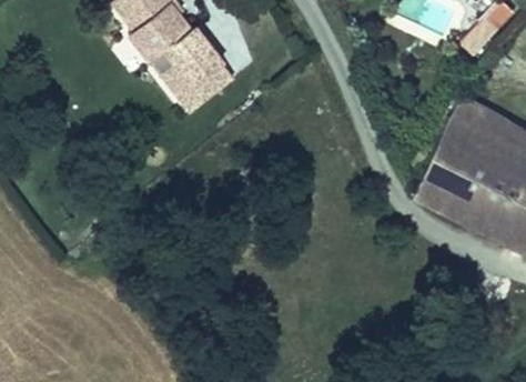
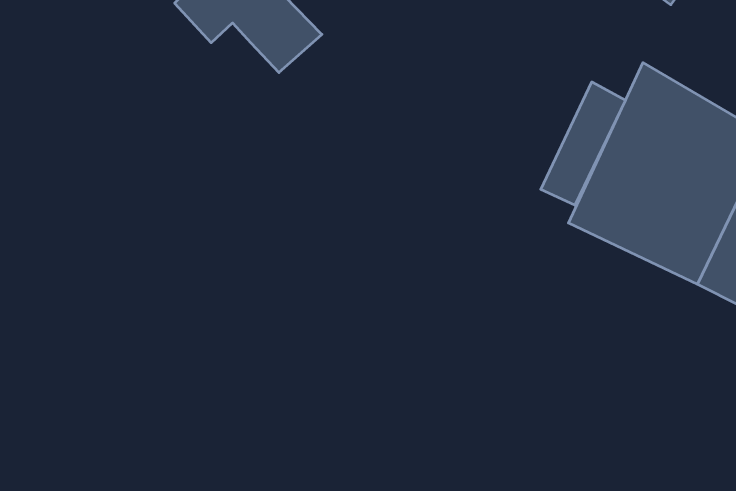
building: [155,56,242,115] -> none
building: none -> [541,82,625,205]

